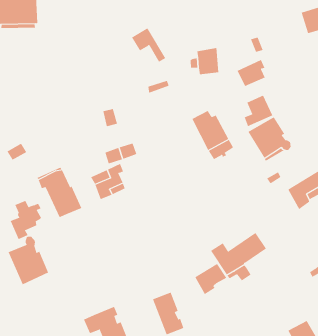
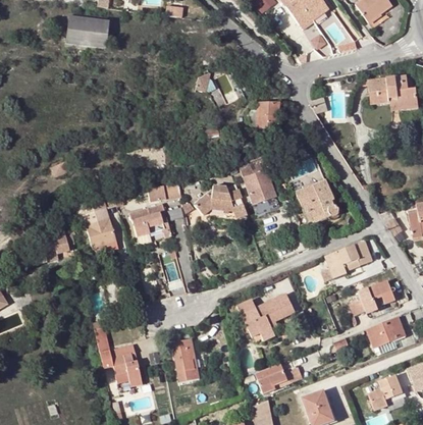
building: [237,59,266,87] -> none
building: none -> [194,183,246,218]
building: [8,236,49,285] -> none
building: [195,263,227,295] -> [255,363,287,392]

